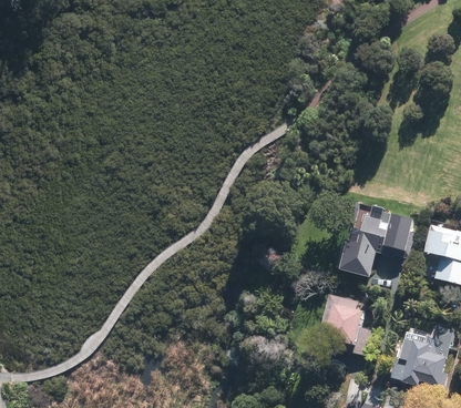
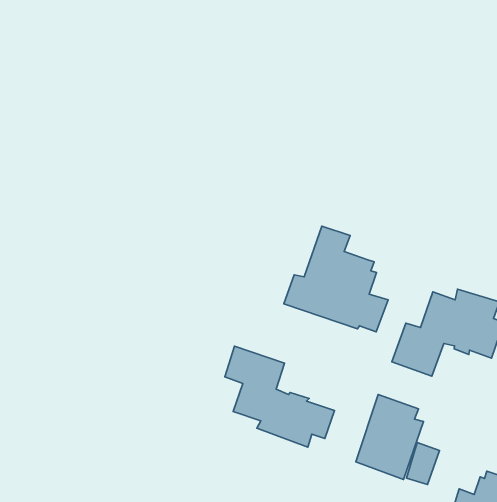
building: none -> [284,226,388,332]
building: none -> [225,346,334,447]

